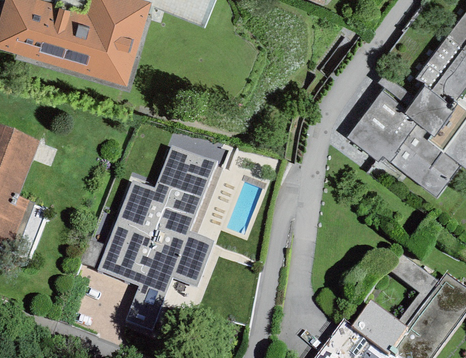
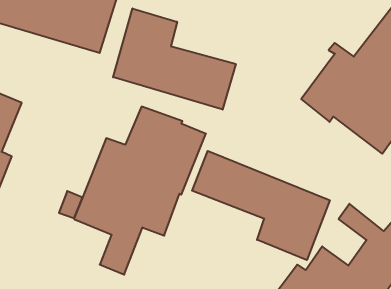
building: none -> [113,8,236,110]
building: none -> [192,151,330,260]

